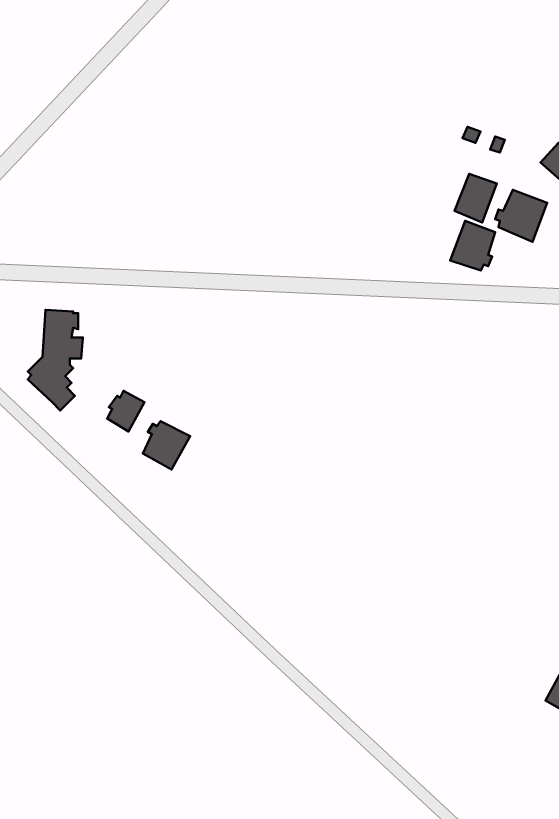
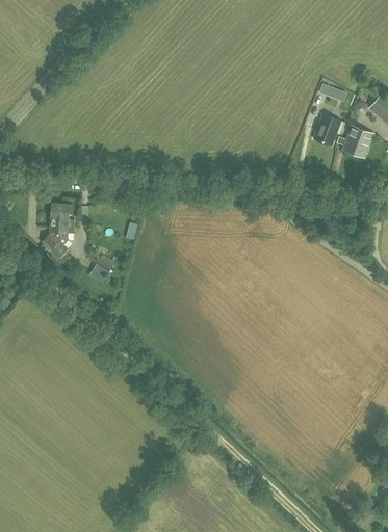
building: [450,221,495,271] -> none
building: [143,421,190,469] -> none

